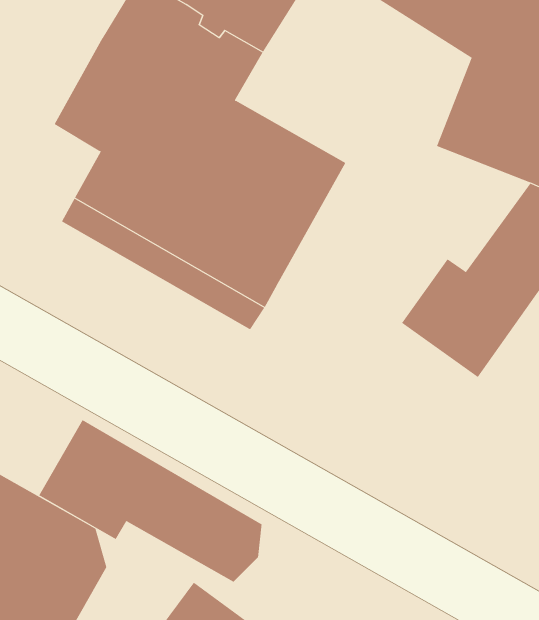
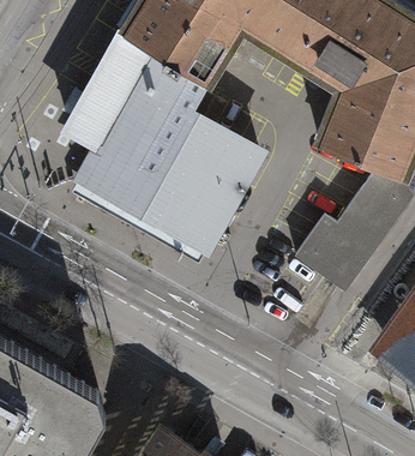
building: [39,419,262,583] -> none

